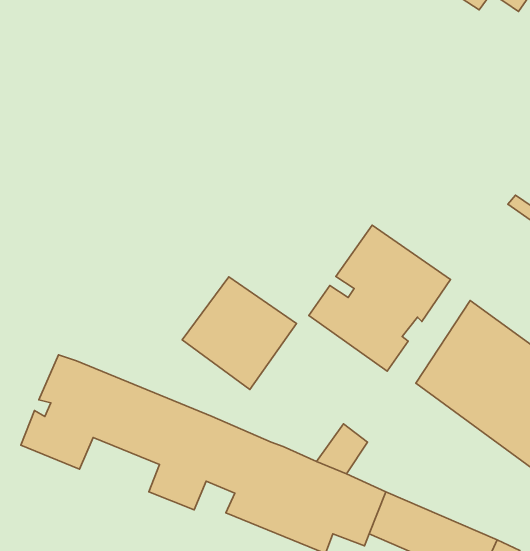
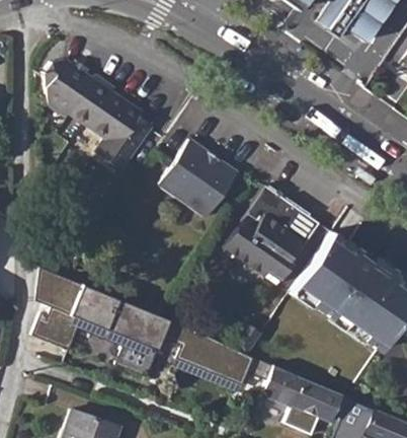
building: none -> [46,59,153,171]
building: [182,277,297,390] -> [161,141,238,217]

